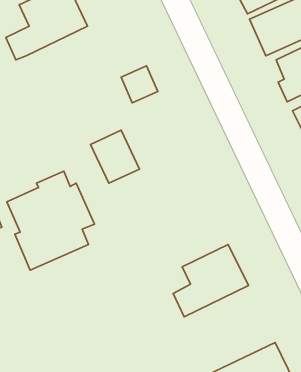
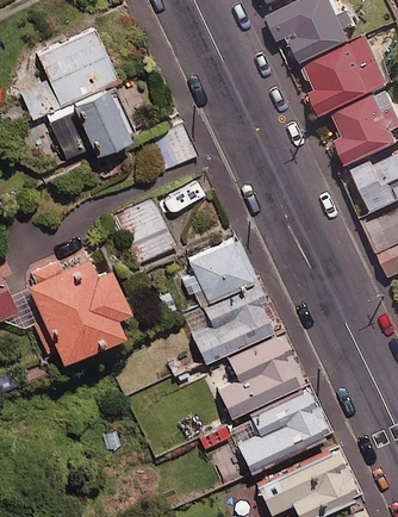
building: none -> [43,85,125,163]
building: none -> [185,237,254,300]
building: none -> [184,282,276,361]
building: none -> [235,390,327,472]

